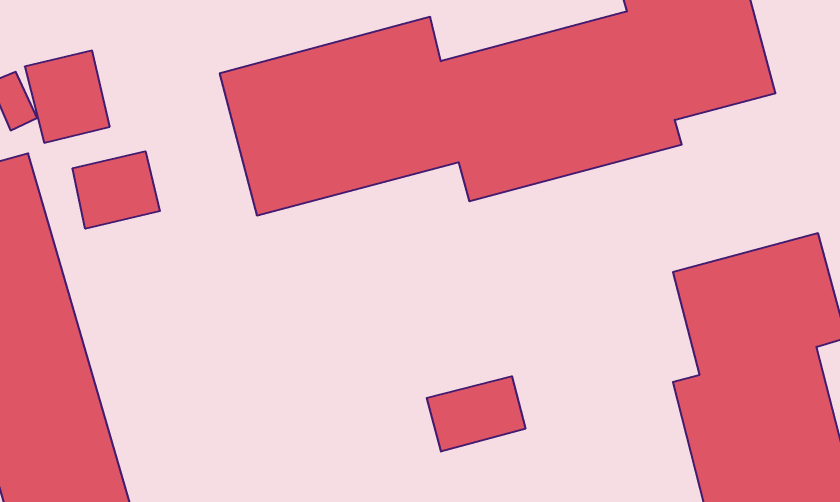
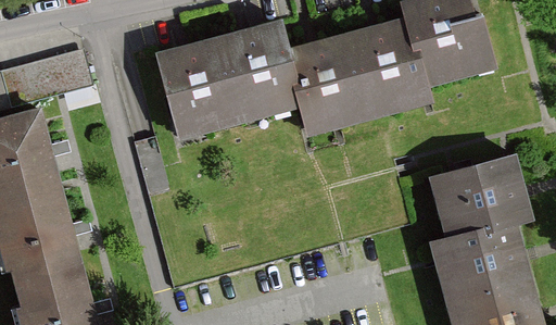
building: [73,151,160,229] -> none
building: [427,376,525,452] -> none

